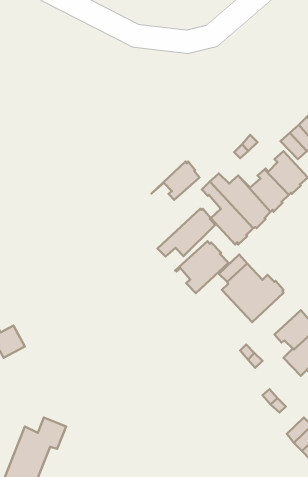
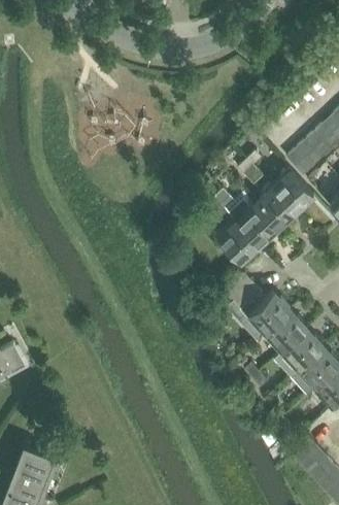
building: [151,162,199,200] -> none
building: [158,209,215,257] -> none
building: [175,241,228,293] -> none
building: none -> [263,312,307,355]

